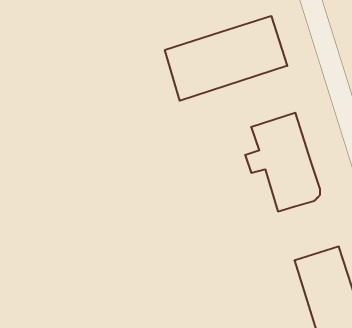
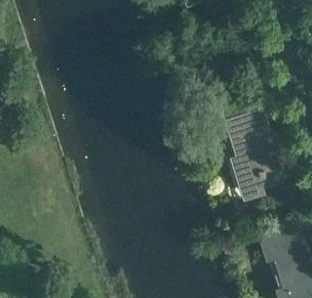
building: [165,16,287,101] -> none

